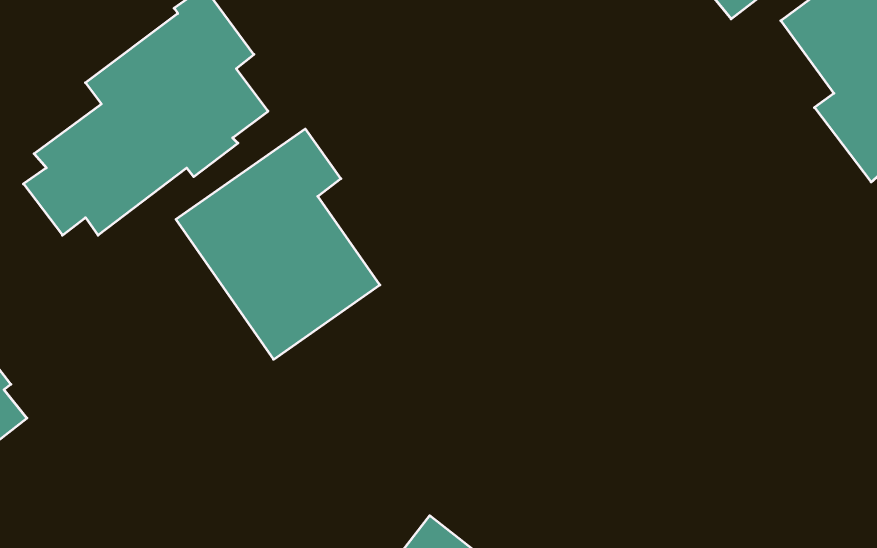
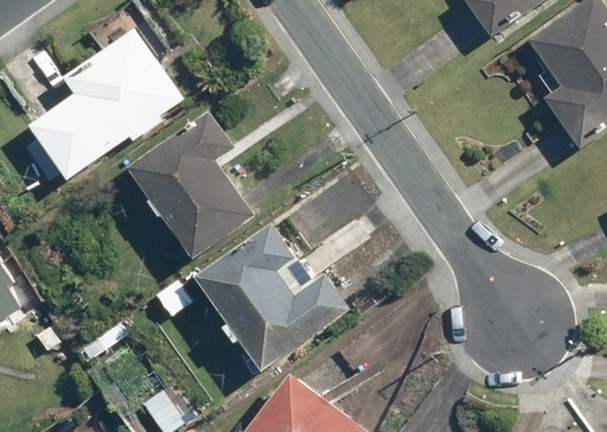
building: none -> [197,223,350,375]

